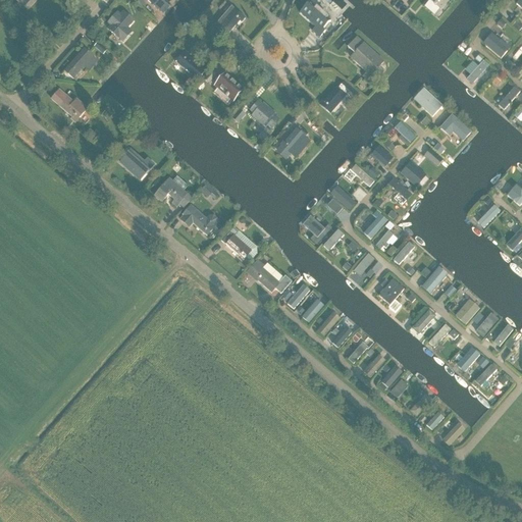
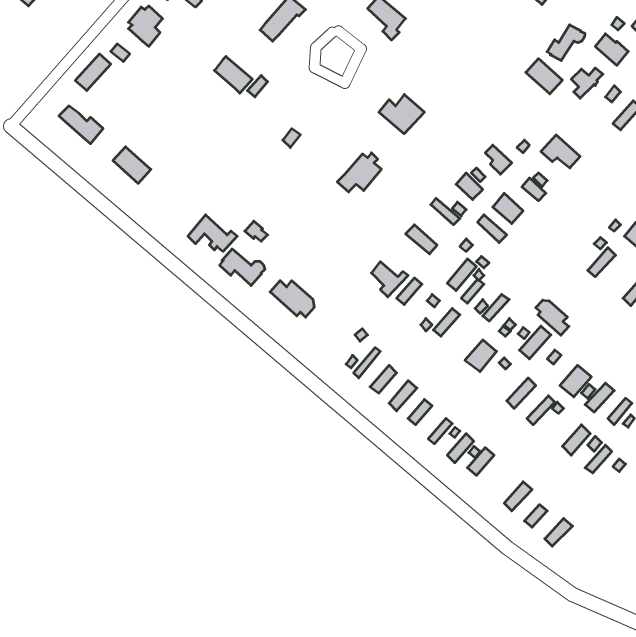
building: none -> [547,25,585,61]
building: [347,36,382,77] -> none
building: [214,72,243,100] -> none
building: [412,86,441,114] -> [526,59,562,94]
building: [249,99,278,126] -> none
building: [119,148,150,177] -> [113,147,151,183]
building: none -> [536,300,569,335]
building: [245,259,291,292] -> none

